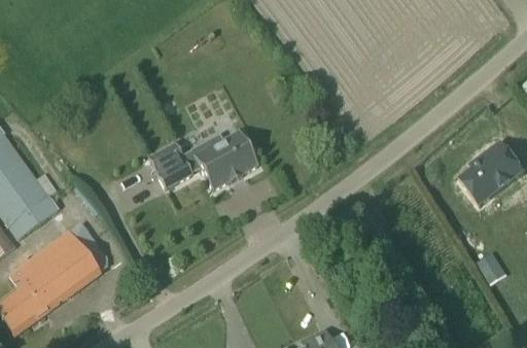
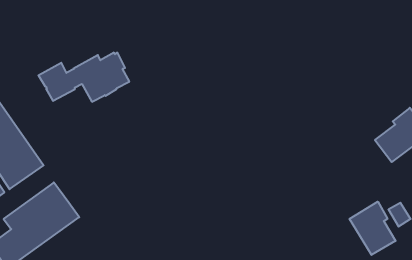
building: [148,130,258,189] -> [38,53,129,102]
building: none -> [350,202,396,255]

